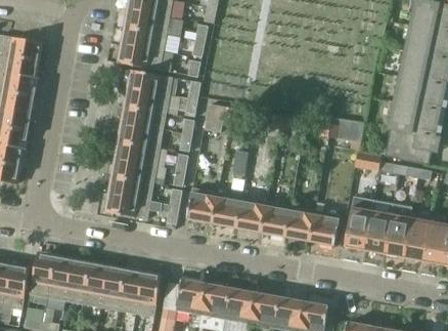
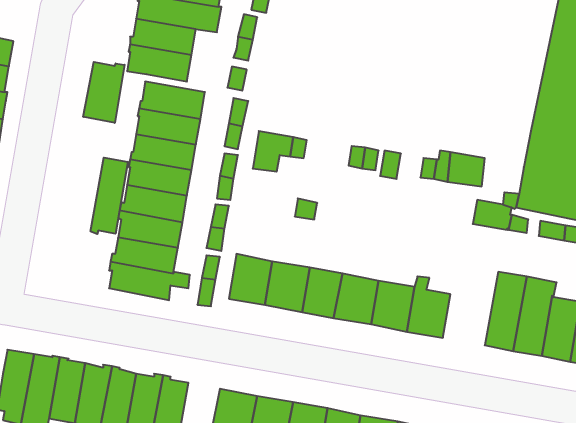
building: none -> [83,62,125,123]
building: none -> [91,158,128,234]
building: [344,196,372,250] -> none

